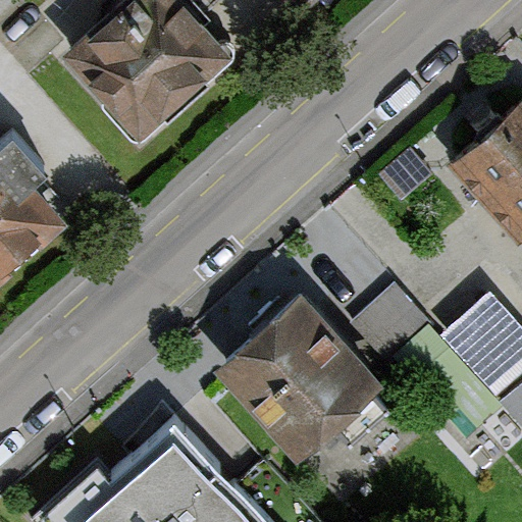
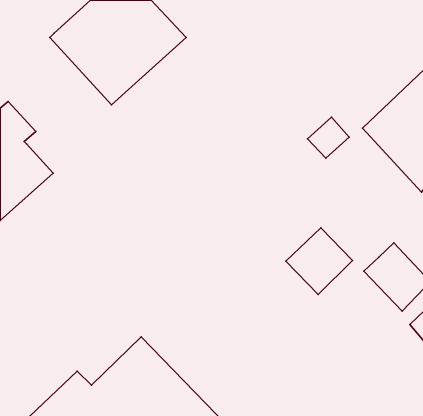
building: [216,296,382,462] -> none

